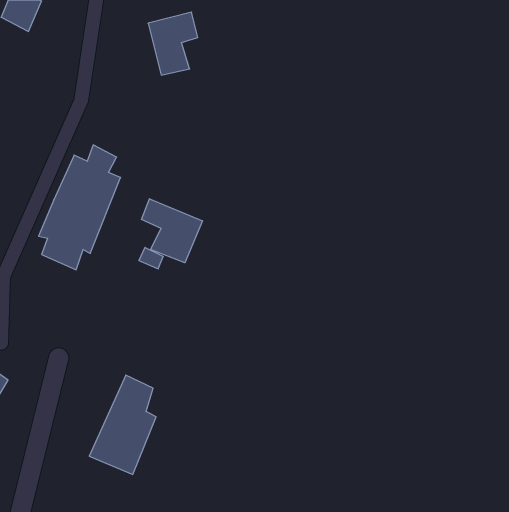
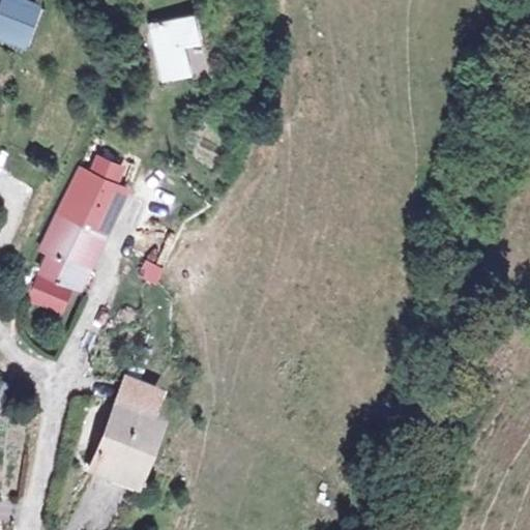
building: [142,199,202,263] -> none
building: none -> [25,273,71,313]

